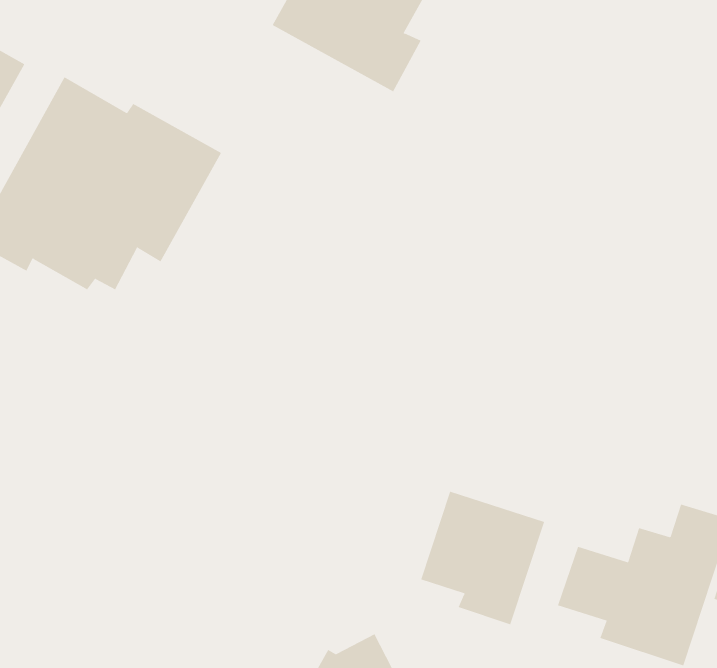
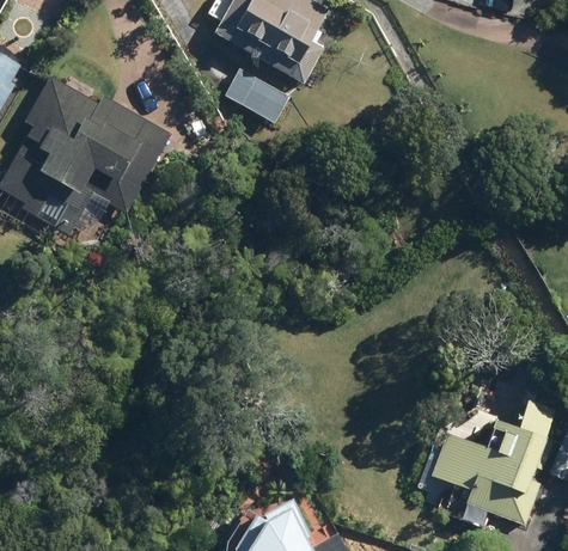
building: none -> [222,67,292,125]
building: [421,491,545,625] -> none

